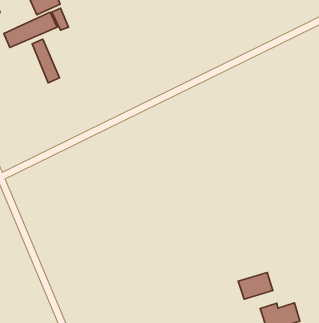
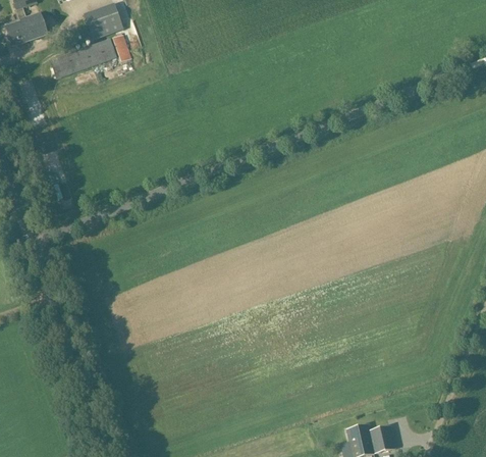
building: [32,39,60,83] -> none
building: [238,273,273,299] -> none

